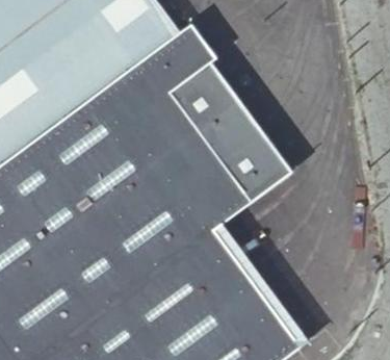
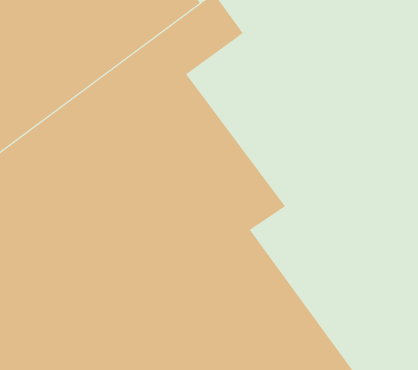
building: [168,61,290,202] -> none

